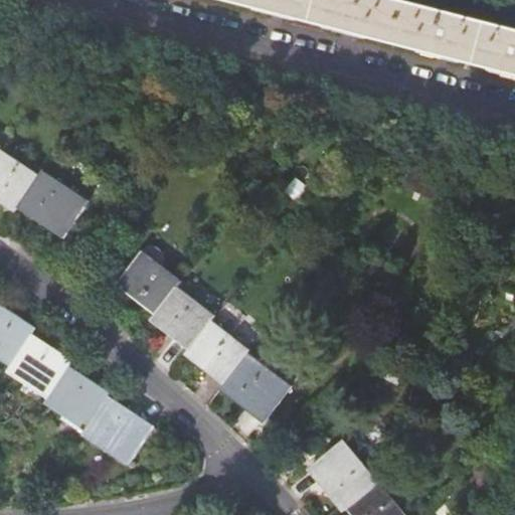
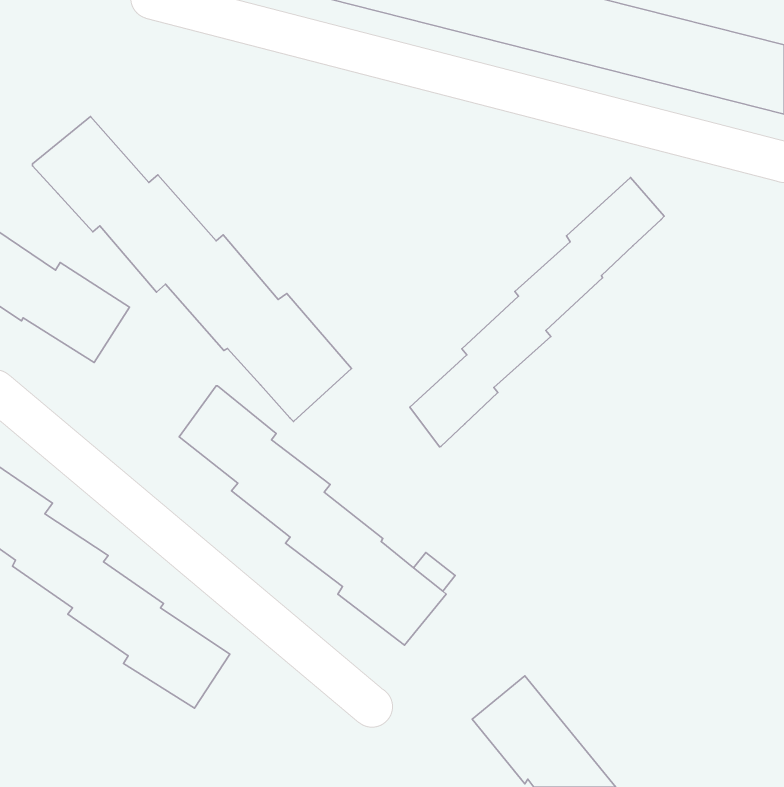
building: none -> [32,116,351,421]
building: none -> [410,178,664,447]

